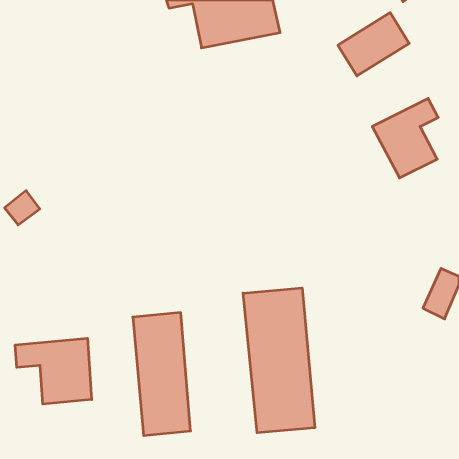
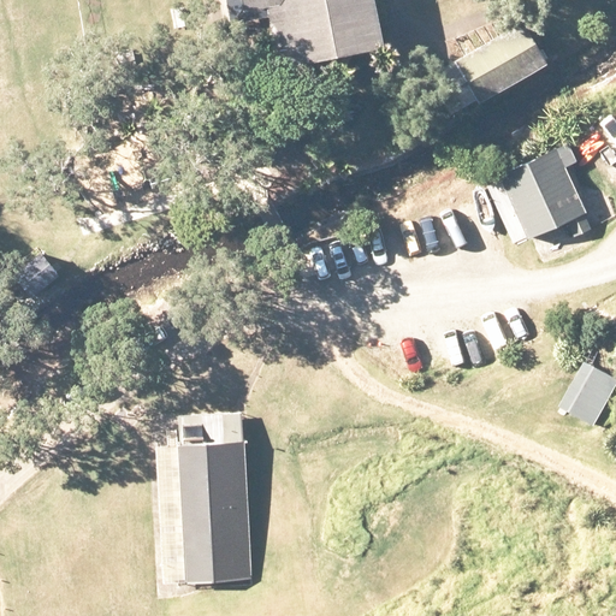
building: [243,288,315,433] -> none
building: [15,338,92,404] -> none

